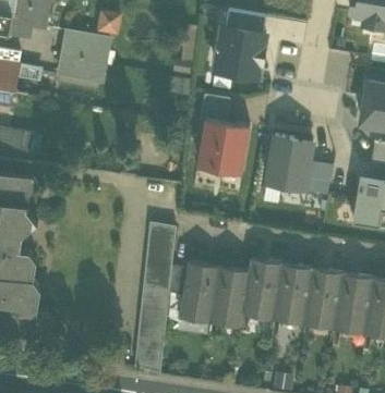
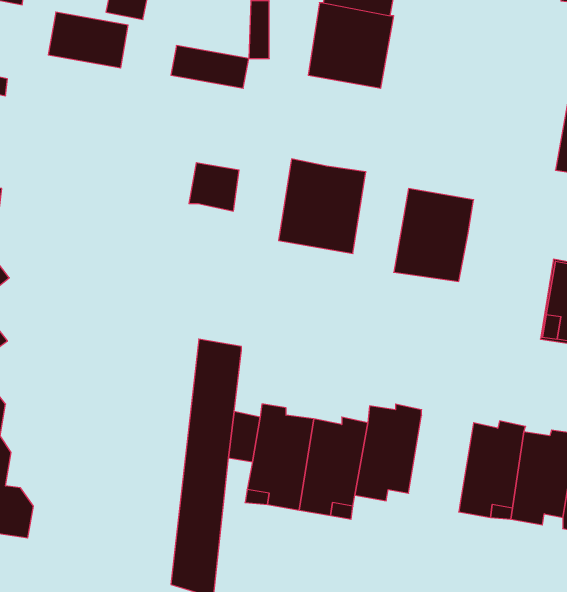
building: [59,57,105,82] -> [171,46,249,88]
building: [200,94,229,122] -> [189,163,239,211]
building: [303,161,332,194] -> none
building: [273,267,312,322] -> none

